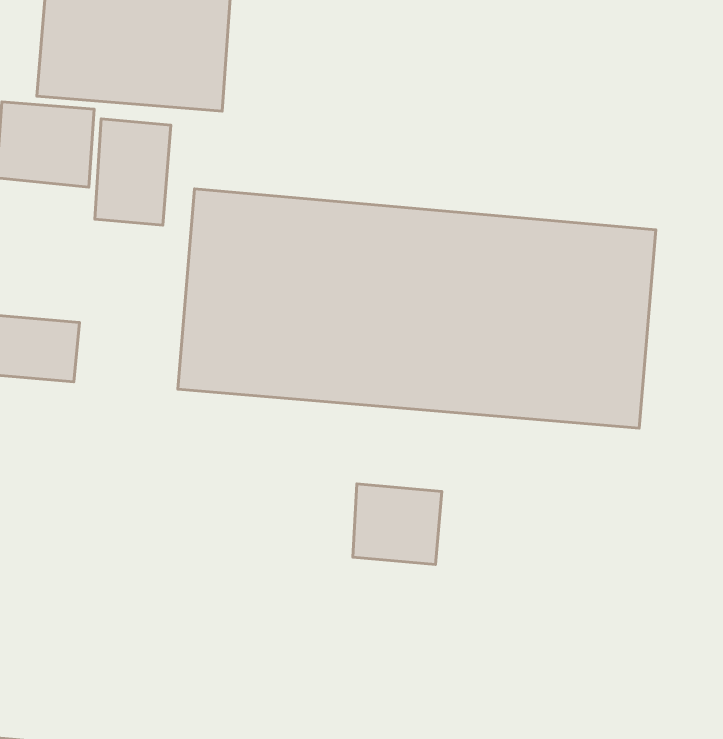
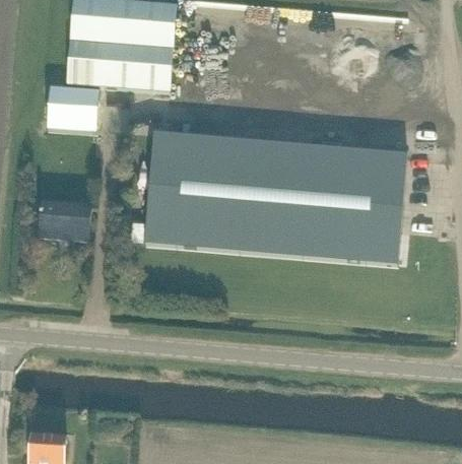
building: [95,119,171,225] -> none
building: [353,484,442,565] -> none

